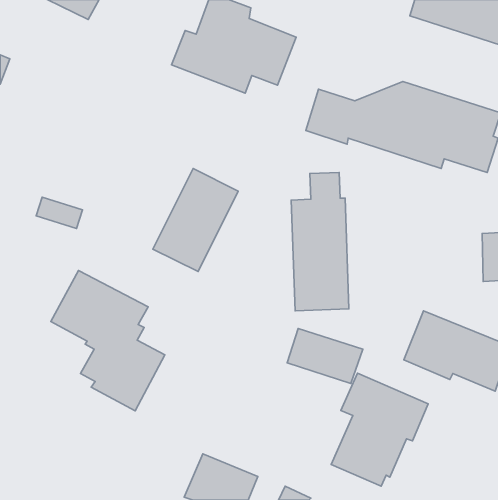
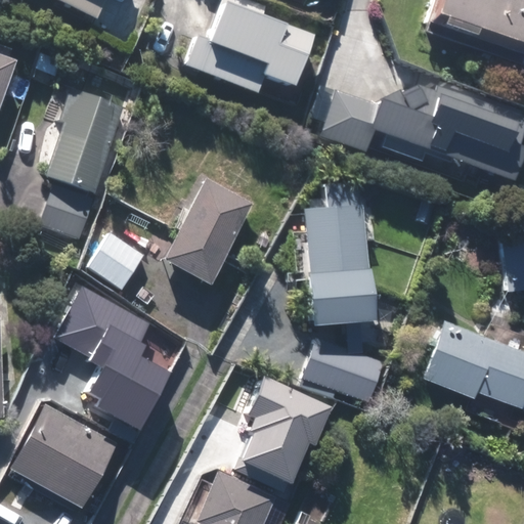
building: none -> [48,96,124,192]
building: none -> [89,233,143,289]
building: [331,373,428,486] -> [234,374,336,491]
building: none -> [14,403,121,507]

